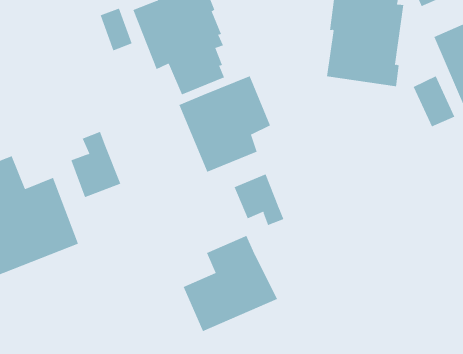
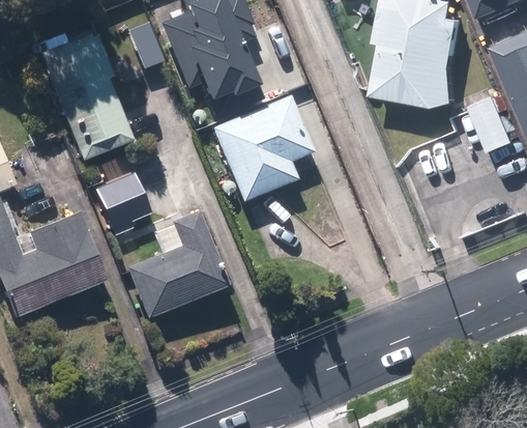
building: none -> [37,28,134,163]
building: [234,173,284,226] -> none
building: [183,235,278,332] -> [124,210,229,317]

